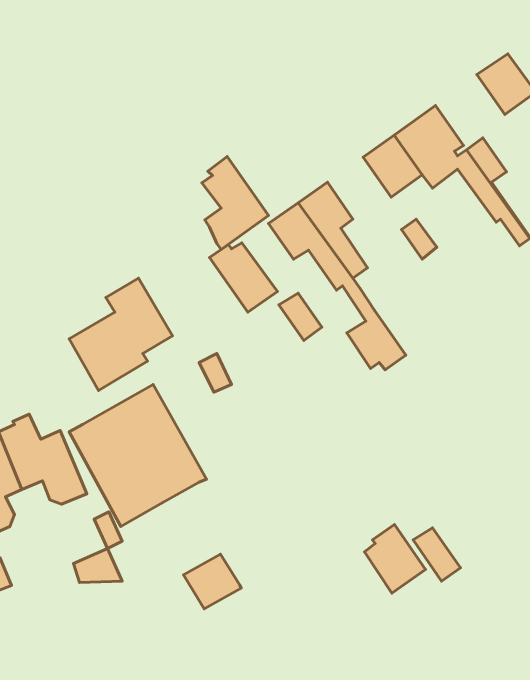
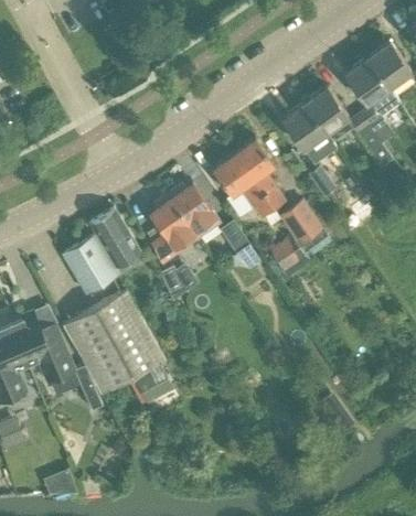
building: none -> [345,58,388,104]
building: [202,156,268,249] -> [149,195,199,265]
building: none -> [280,201,323,245]
building: [365,525,426,593] -> none
building: [73,549,122,583] -> [43,472,79,497]
building: [184,554,241,609] -> [132,363,175,404]

